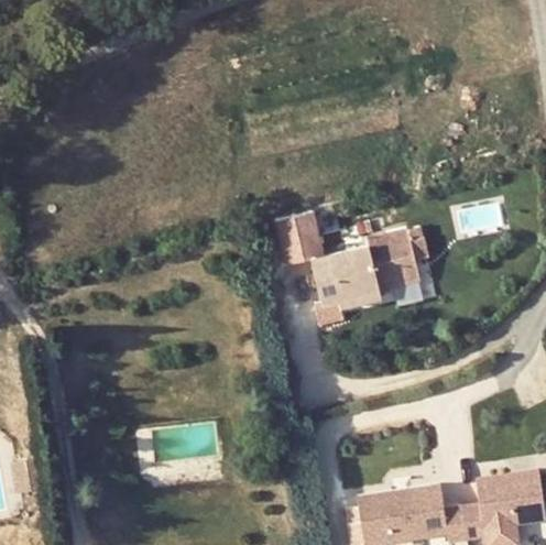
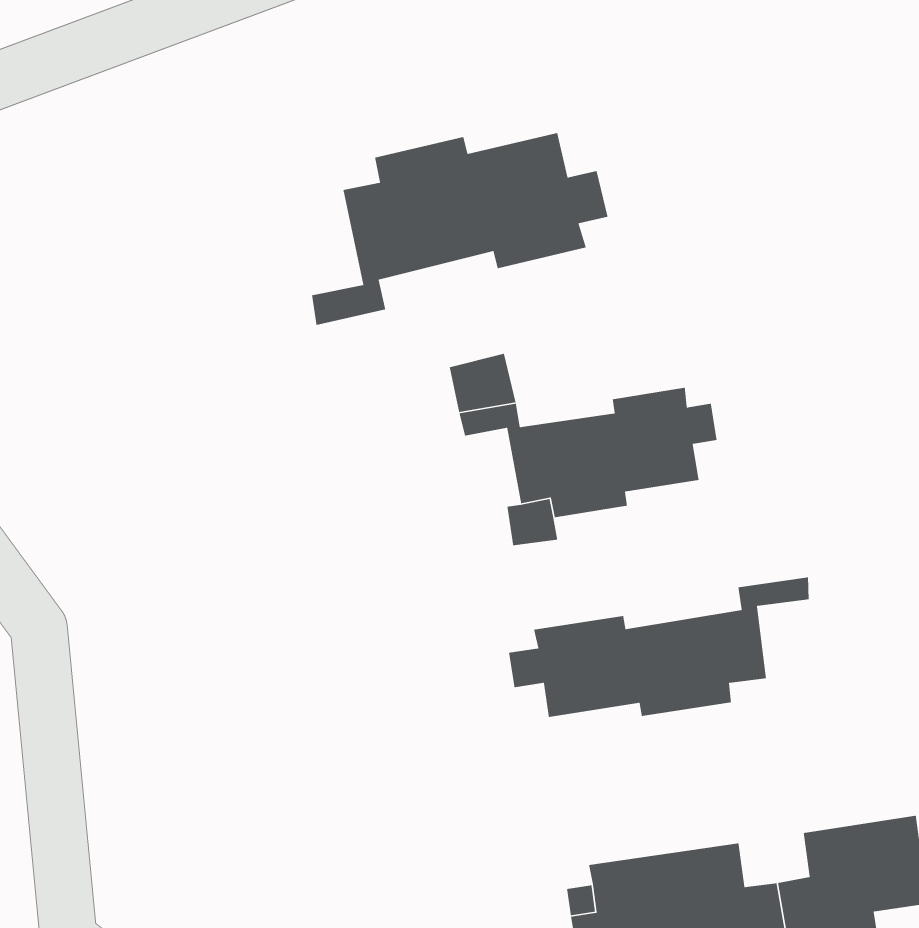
building: none -> [311,132,609,326]
building: none -> [508,576,810,718]

